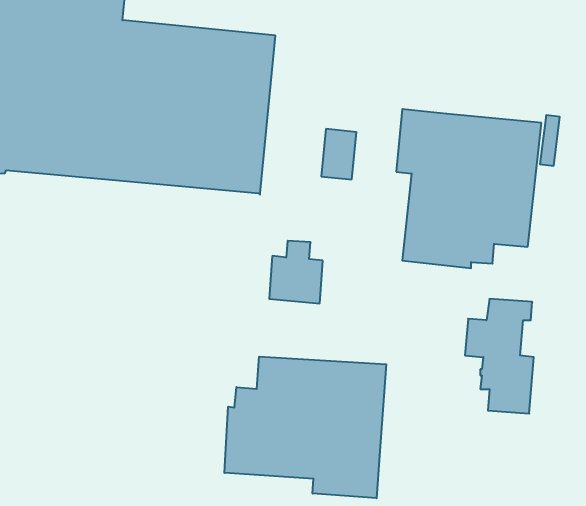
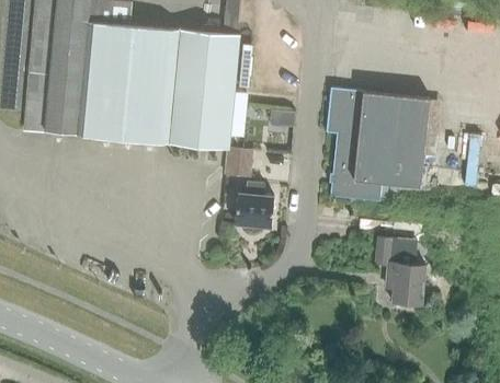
building: none -> [224,149,251,178]
building: [224,357,386,498] -> none

